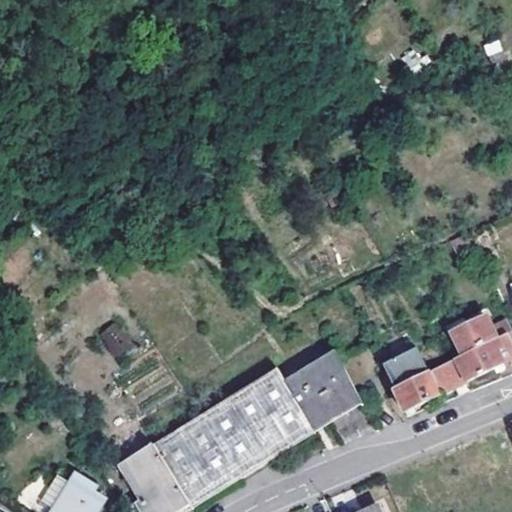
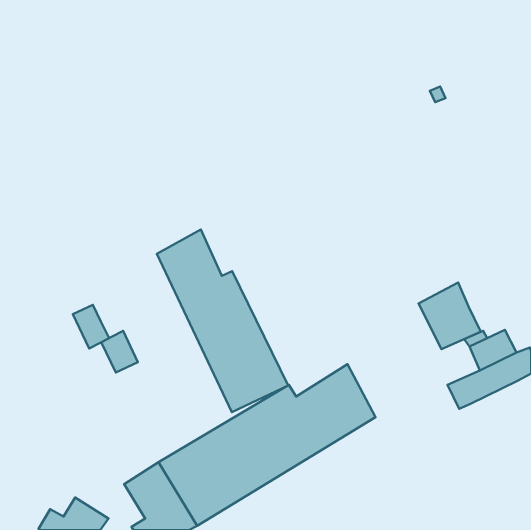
building: none -> [157,230,288,412]
building: none -> [73,305,109,349]
building: [381,346,441,410] -> [419,282,481,349]

